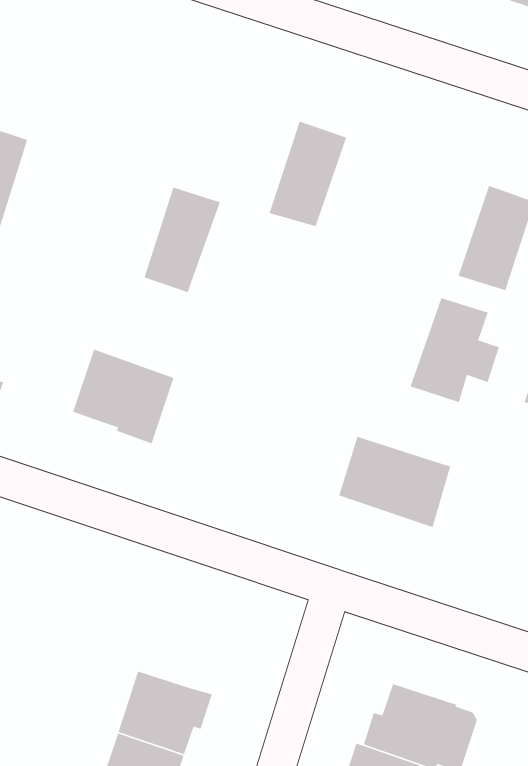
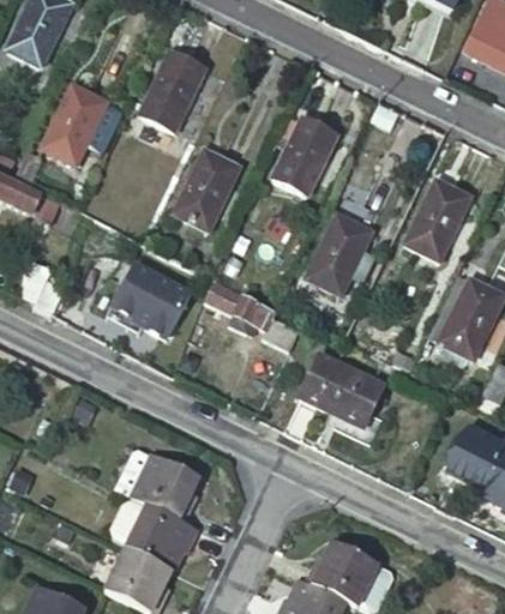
building: none -> [142,52,205,131]
building: [410,297,500,403] -> [308,216,378,295]
building: none -> [206,281,296,349]
building: none -> [104,444,190,519]

